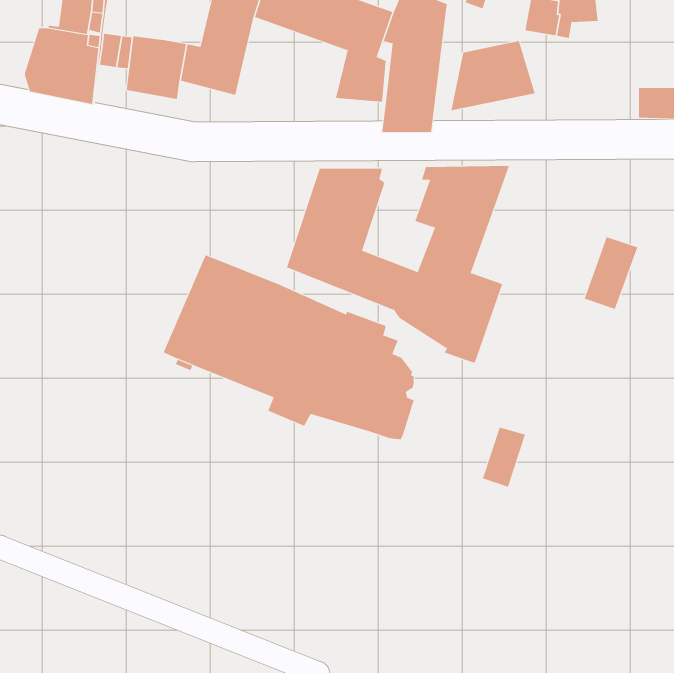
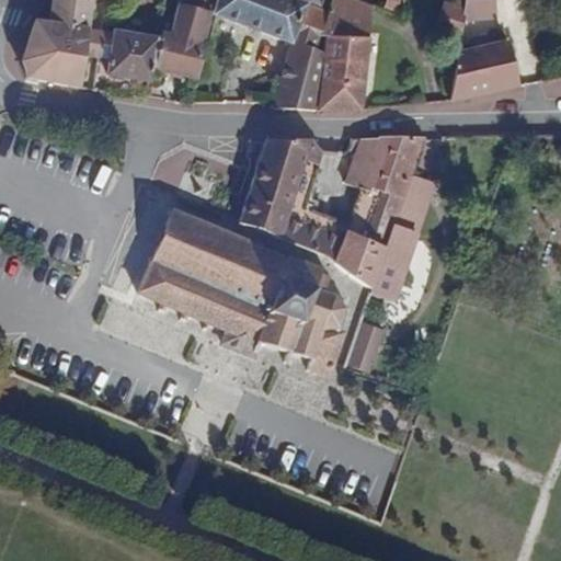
building: [451,40,535,111] -> [448,41,518,99]
building: none -> [273,81,319,110]
building: [584,236,638,309] -> [392,174,437,234]
building: [482,427,526,488] -> [353,319,389,369]

